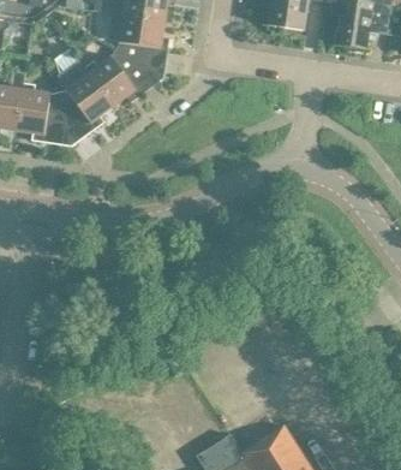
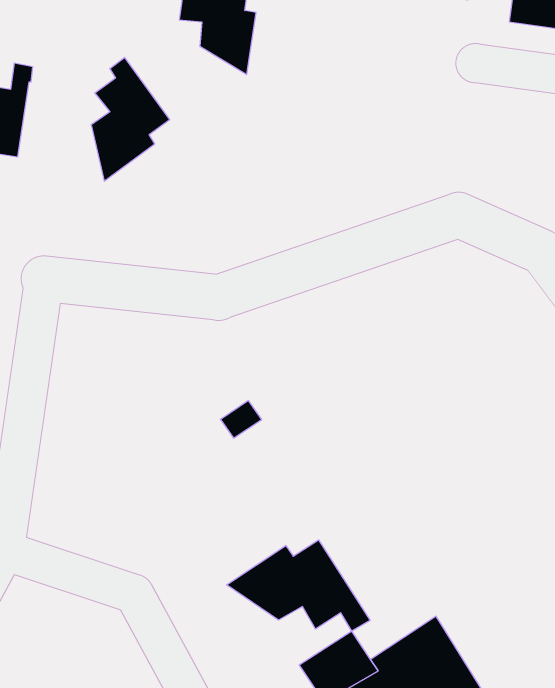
building: [84,54,162,105] -> none
building: [16,81,71,144] -> none
building: none -> [227,540,370,631]

